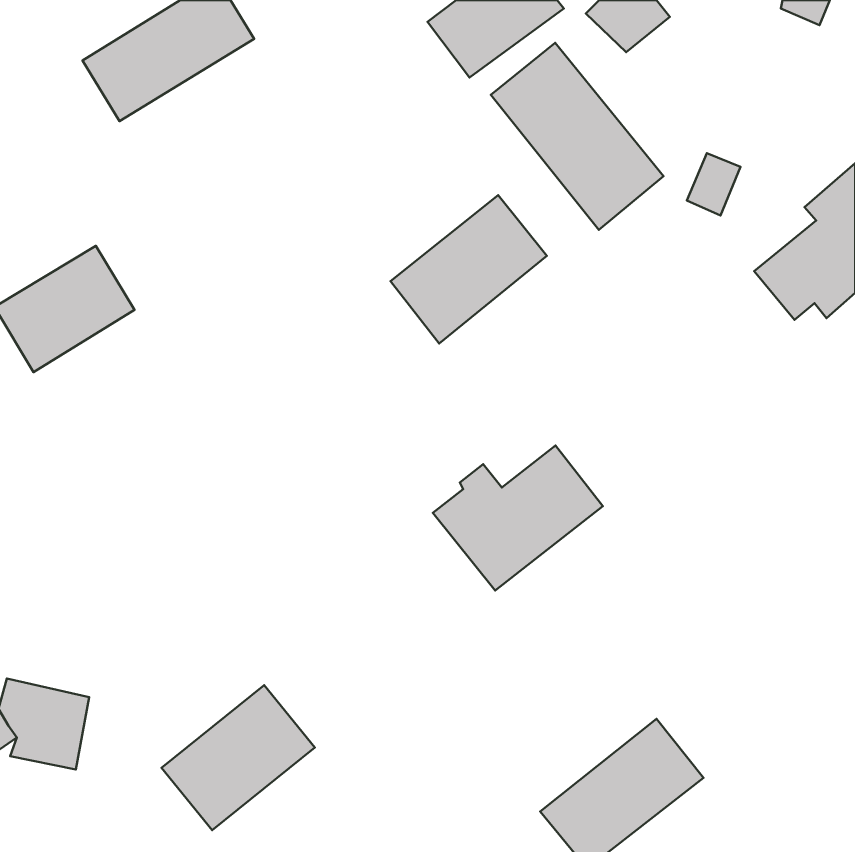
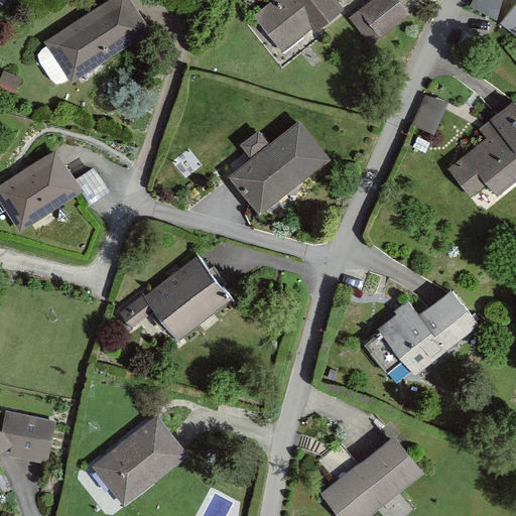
building: [491,43,663,230] -> none
building: none -> [122,256,229,339]
building: [433,446,603,590] -> [375,290,477,377]

